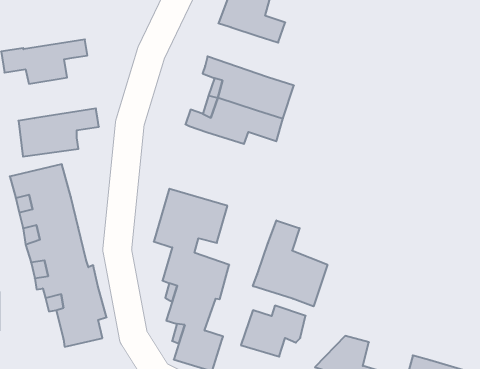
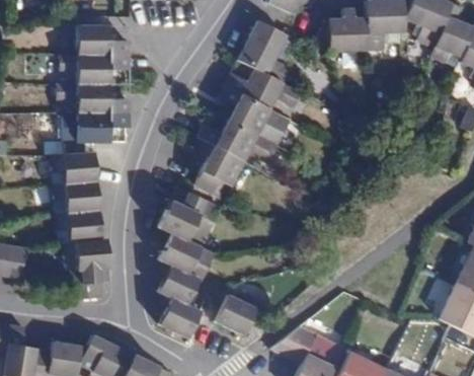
building: none -> [77,25,128,55]
building: none -> [224,63,301,108]
building: none -> [58,83,128,111]
building: none -> [193,138,244,200]
building: [253,220,327,306] -> none

